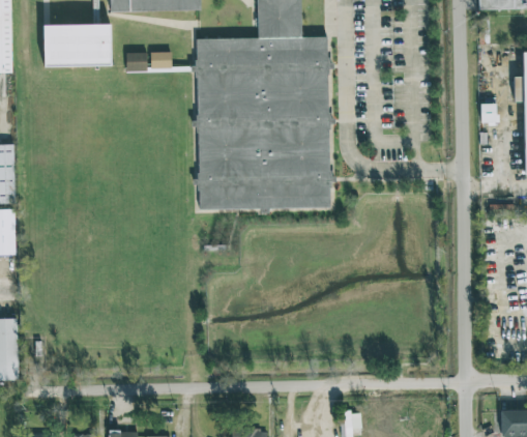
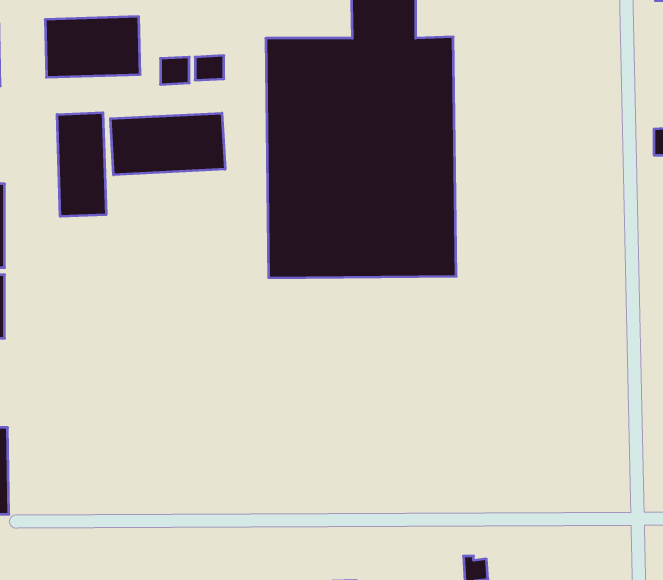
building: none -> [57,113,106,216]
building: none -> [110,113,225,175]

